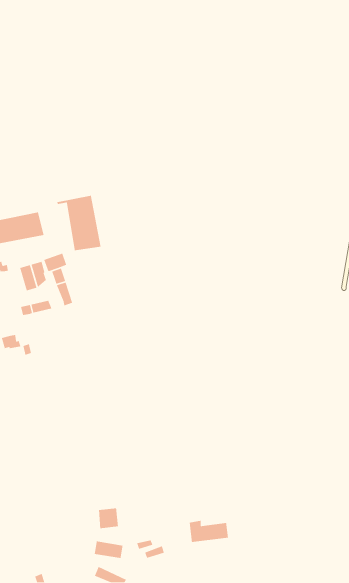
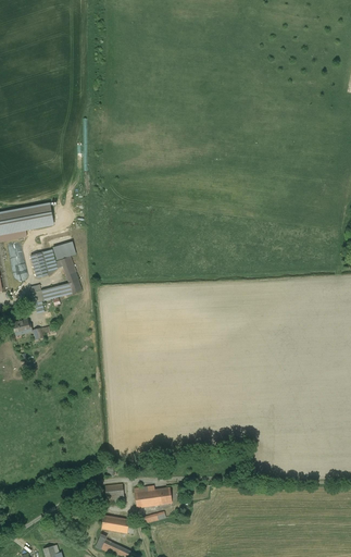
building: [56,195,101,251] -> none
building: [189,520,229,543] -> [133,484,171,506]

